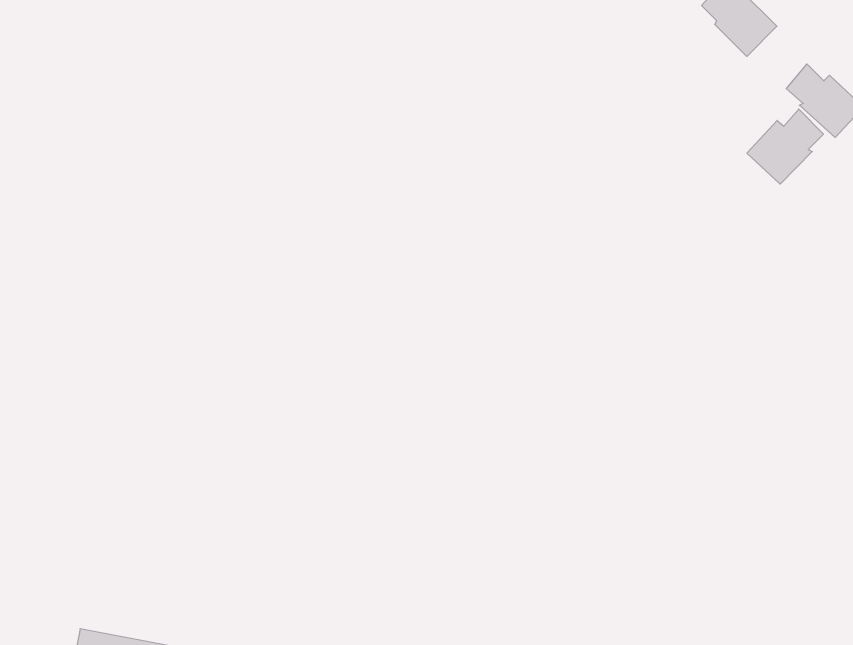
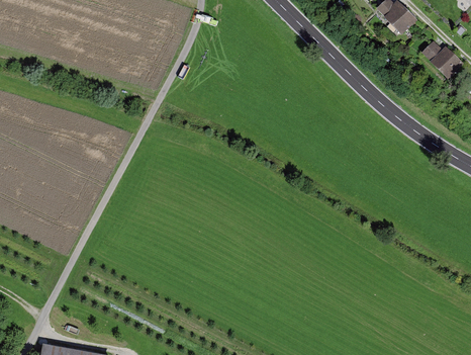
building: [747,109,823,184] -> none

